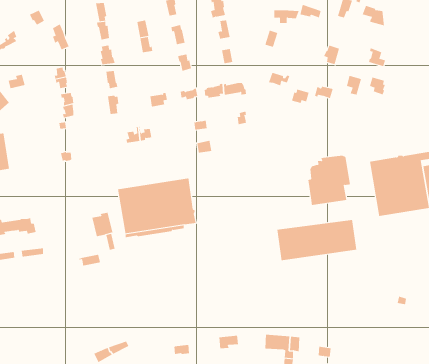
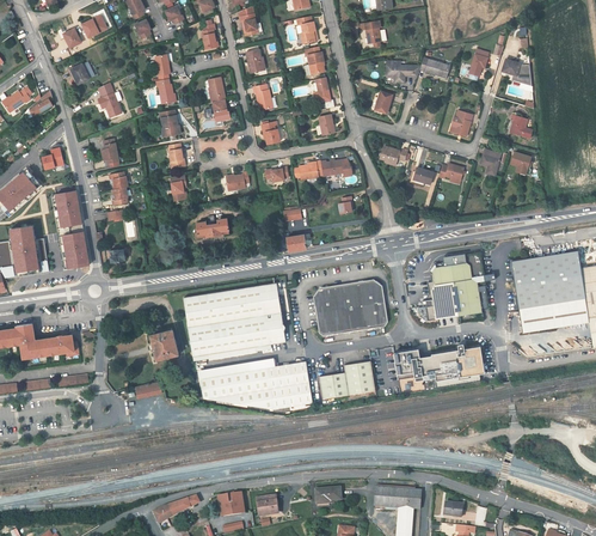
building: none -> [54,191,90,269]
building: none -> [313,280,387,336]
building: none -> [318,361,375,400]
building: none -> [198,364,312,410]
building: none -> [215,491,242,516]

